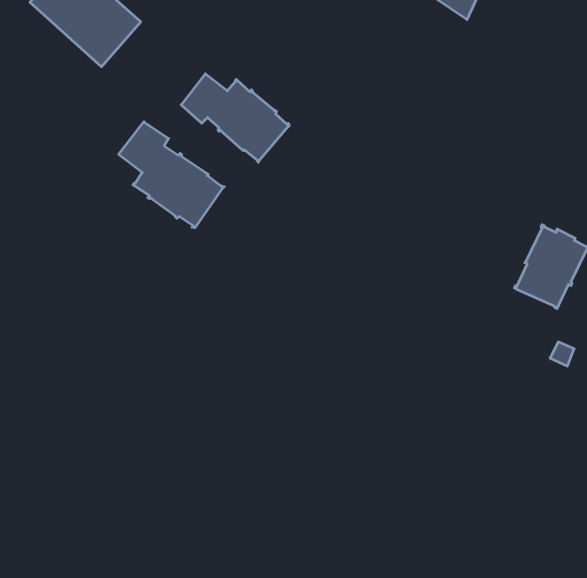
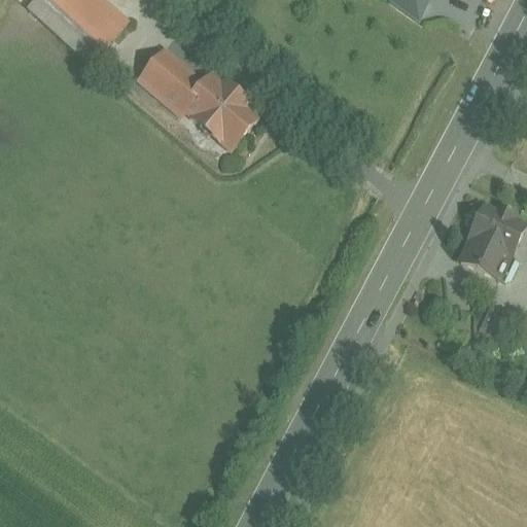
building: none -> [140,48,183,94]
building: [119,122,224,228] -> none

